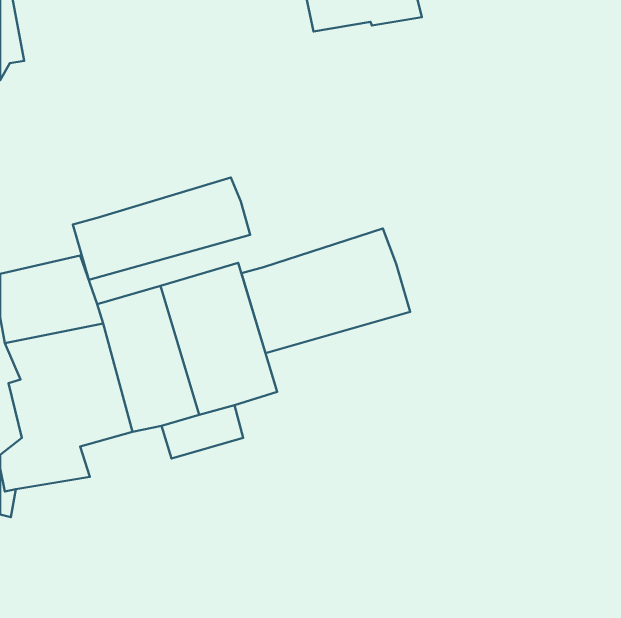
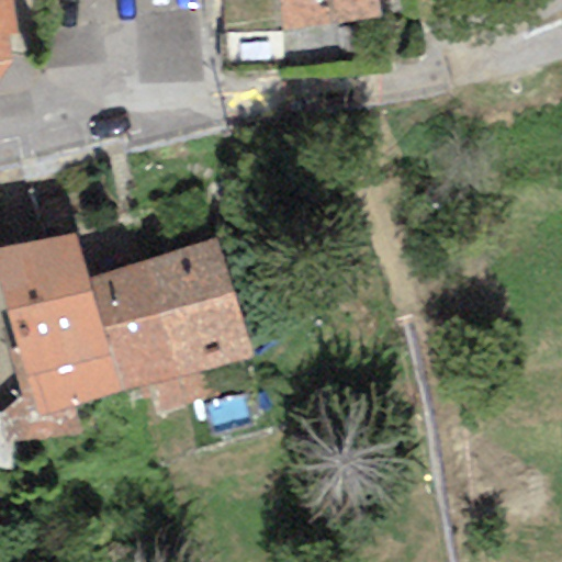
building: [73,177,250,280] -> none
building: [241,229,410,353] -> none

